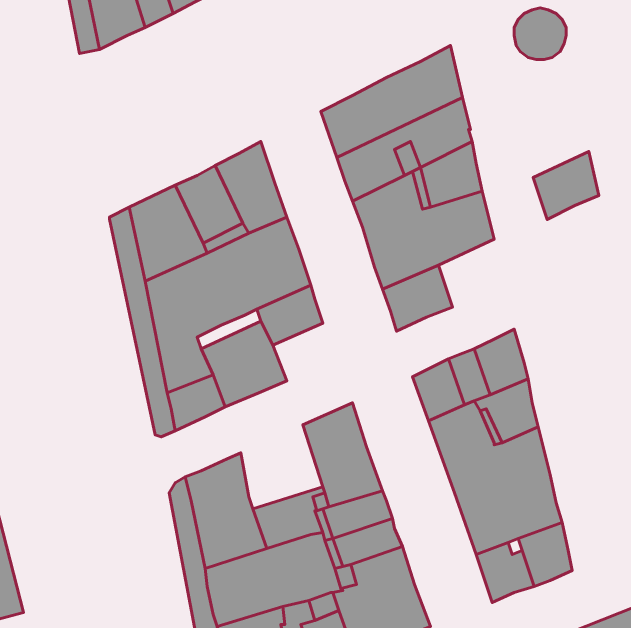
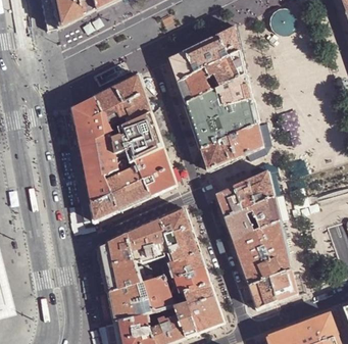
building: [533,151,599,219] -> [229,124,262,158]
building: none -> [144,166,176,196]
building: none -> [128,218,169,261]

